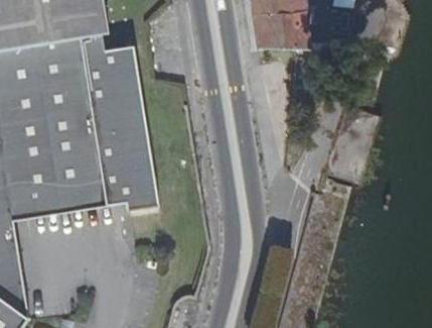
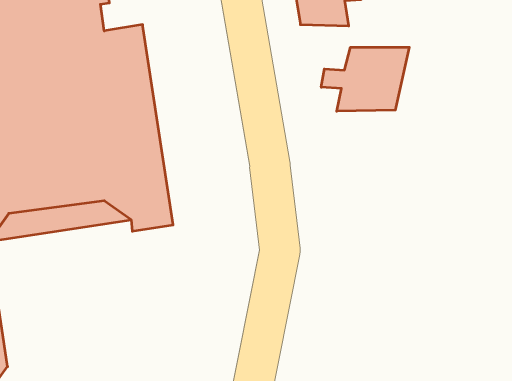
building: none -> [321,47,409,111]

